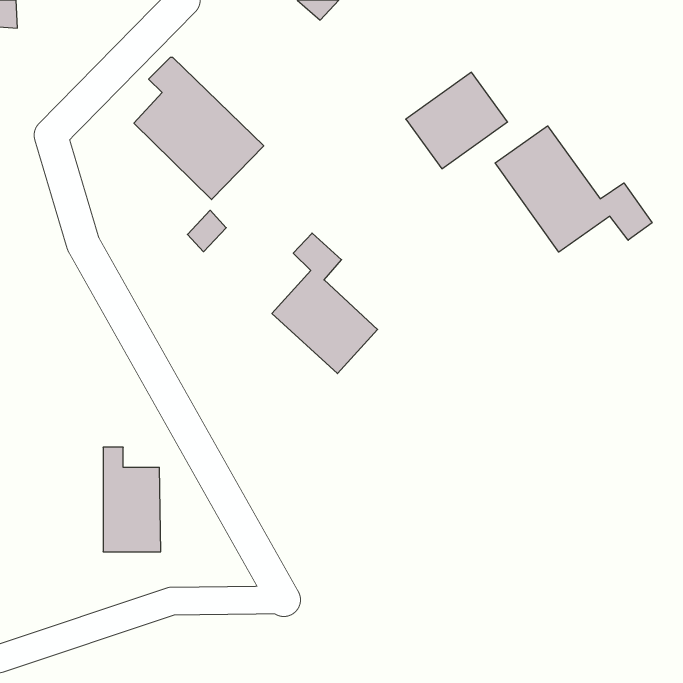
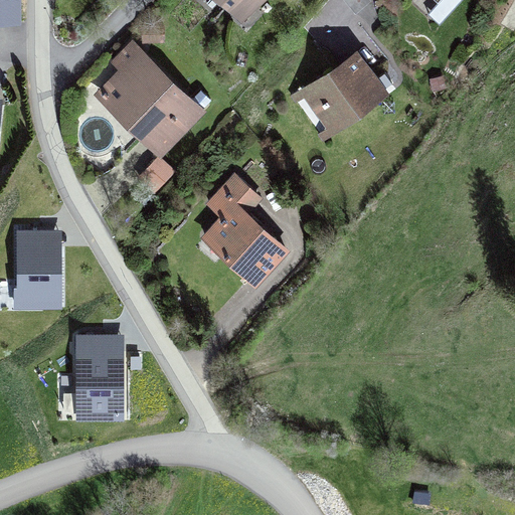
building: [495,126,652,252] -> none
building: none -> [14,231,58,306]

